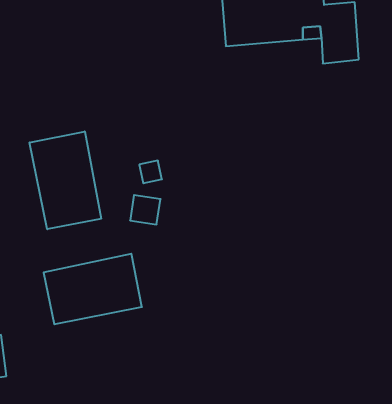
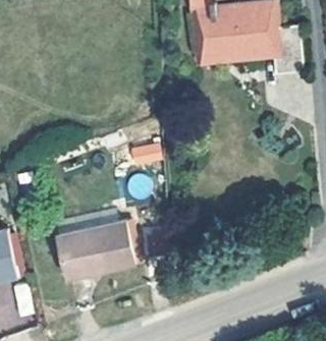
building: [30,131,101,229] -> none

